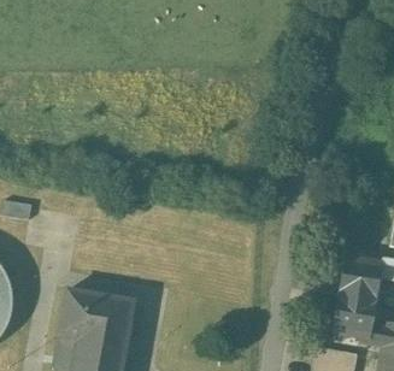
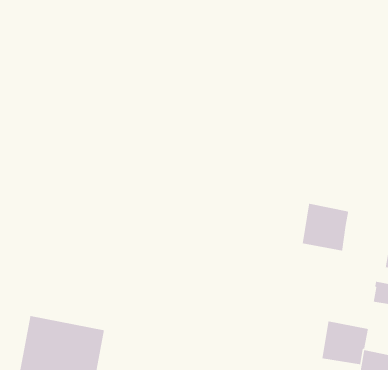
building: [337,257,381,301] -> [302,203,349,252]

